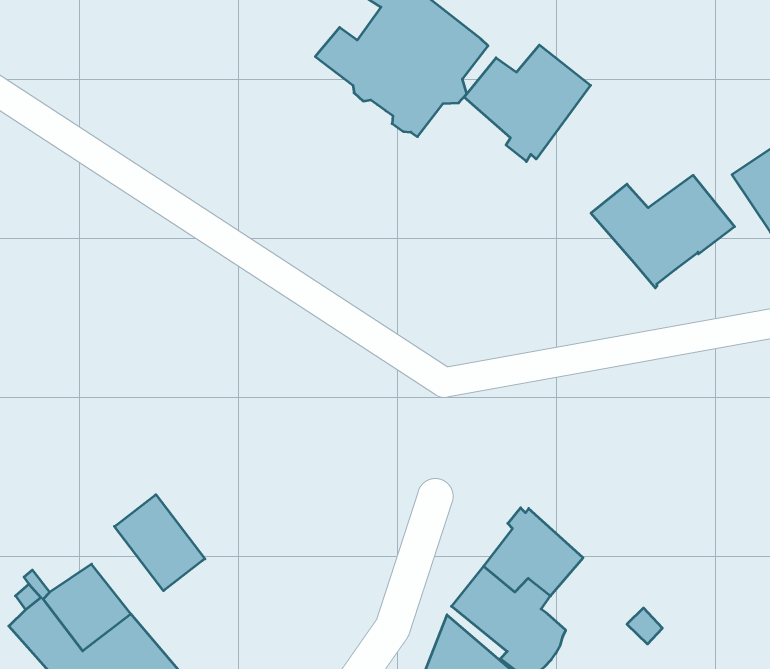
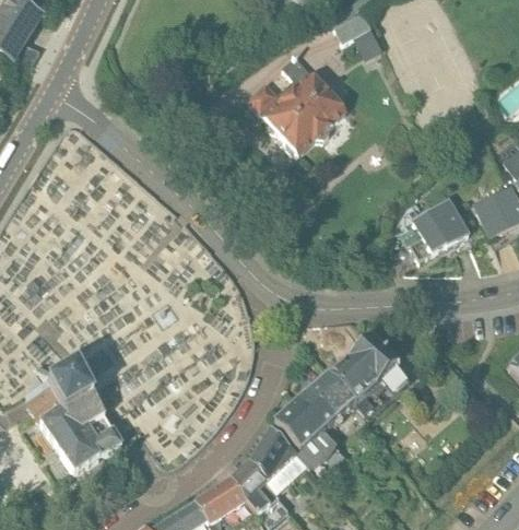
building: [464,45,591,162] -> none
building: none -> [328,339,398,405]
building: [114,495,205,591] -> none

